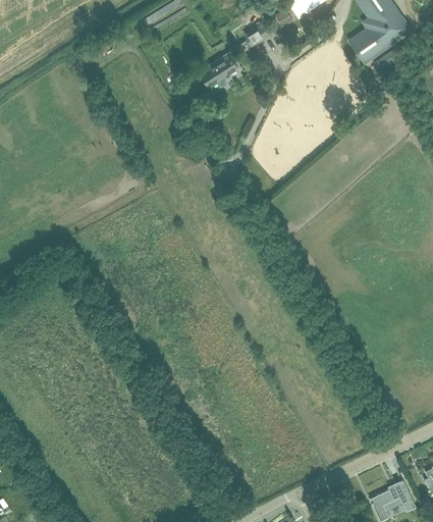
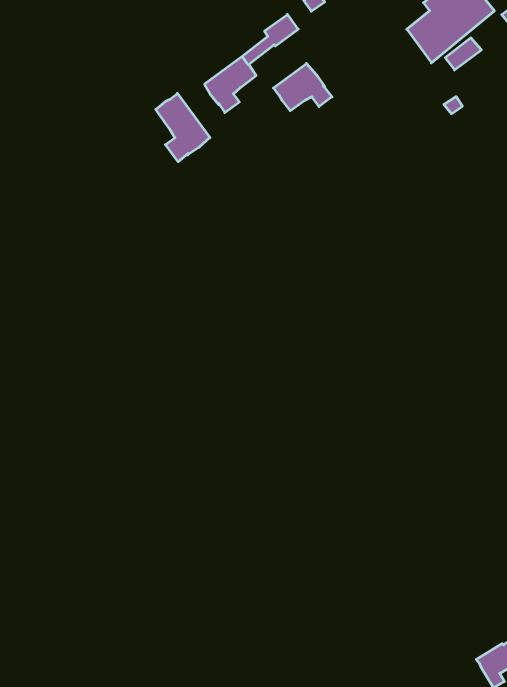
building: none -> [273,63,332,111]
building: none -> [156,93,210,162]

